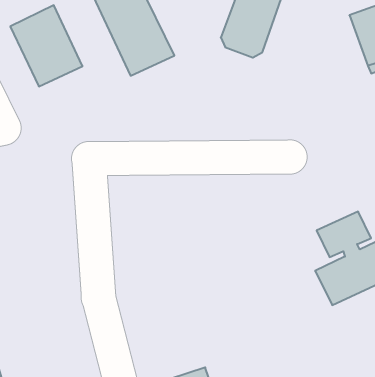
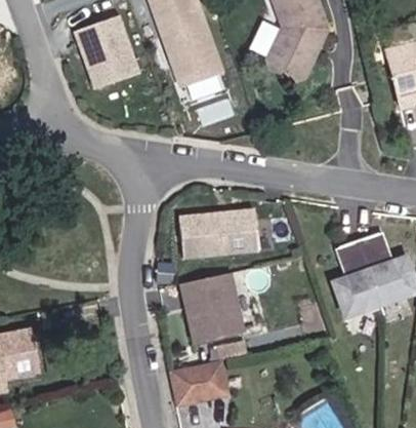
building: none -> [177,209,257,260]
building: none -> [180,273,243,344]

